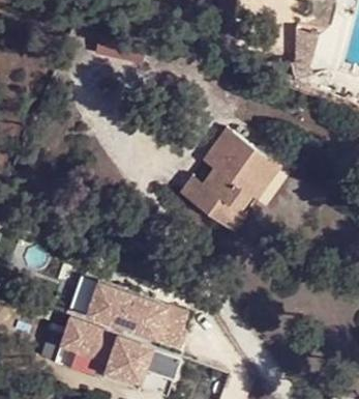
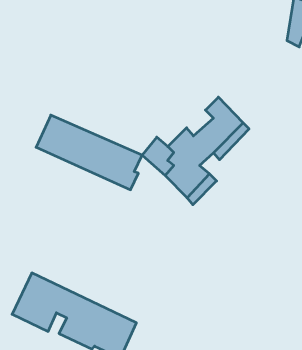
building: [198,123,235,172] -> none
building: [84,279,186,344] -> [36,115,142,190]

